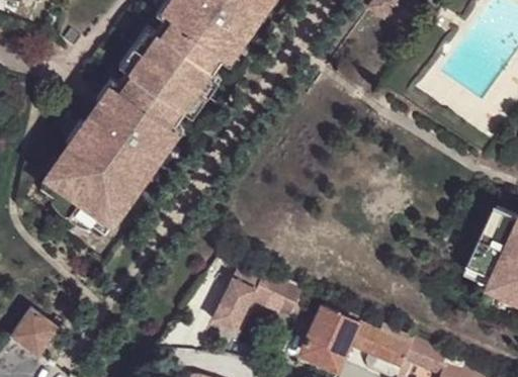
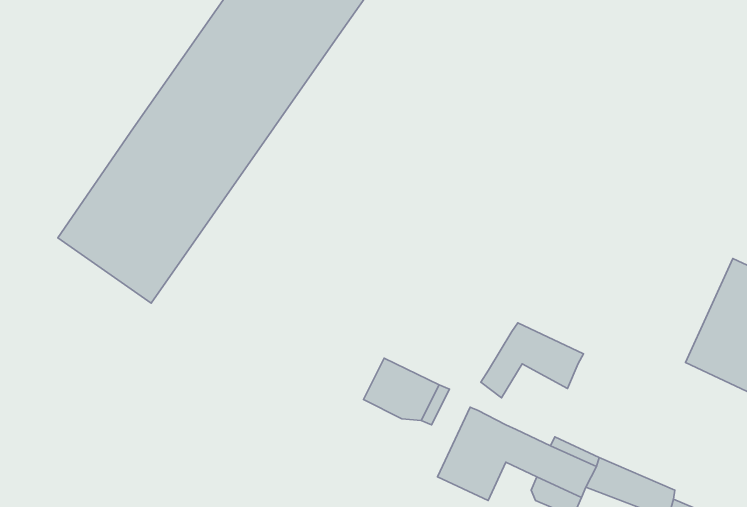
building: none -> [481,323,583,398]
building: [214,262,265,327] -> none
building: [9,303,58,356] -> none

